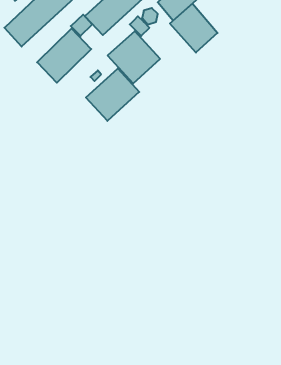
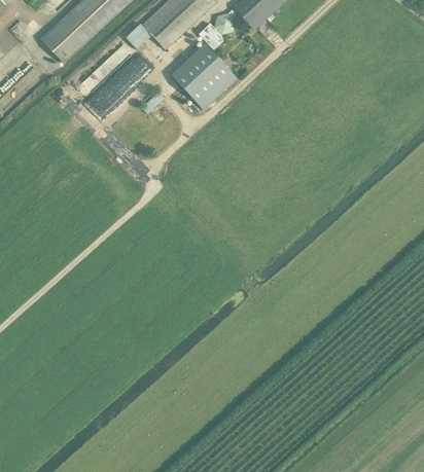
building: [170,4,218,53] -> none
building: [86,68,139,121] -> none

